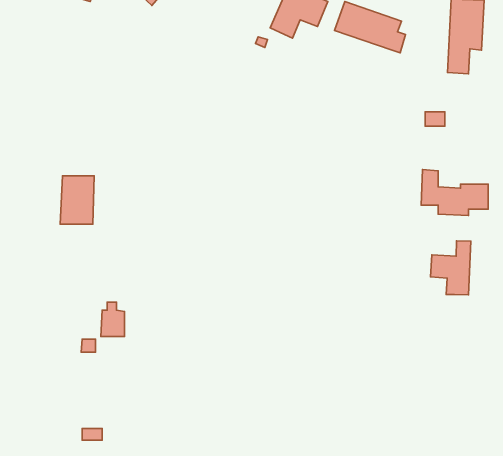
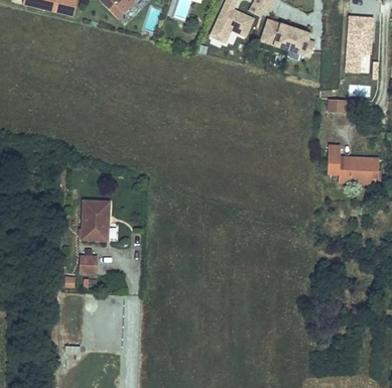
building: [60,176,94,224] -> [85,204,111,241]
building: [431,241,471,295] -> none

